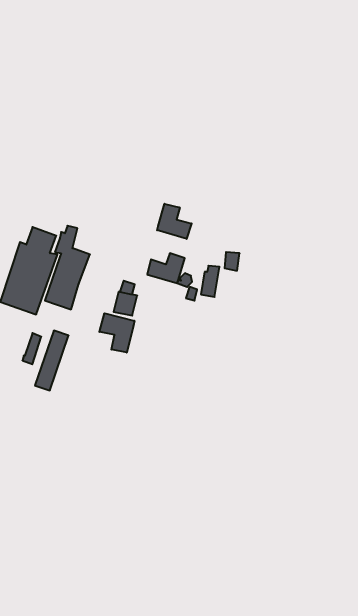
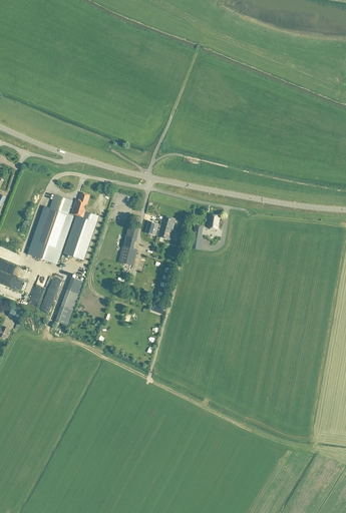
building: [157,204,192,239] -> none
building: [99,313,134,353] -> none

